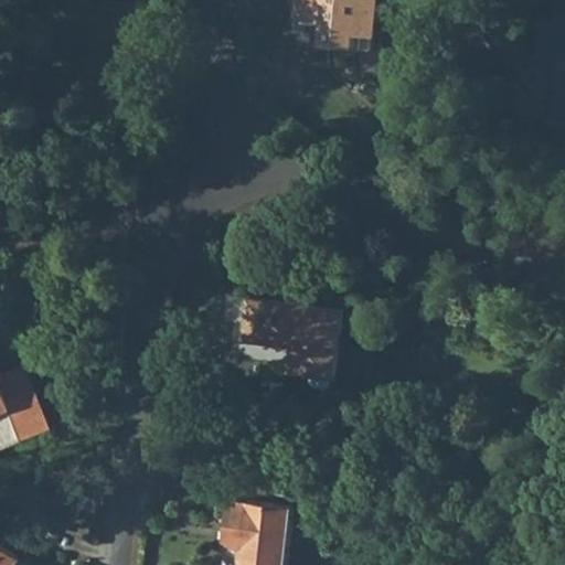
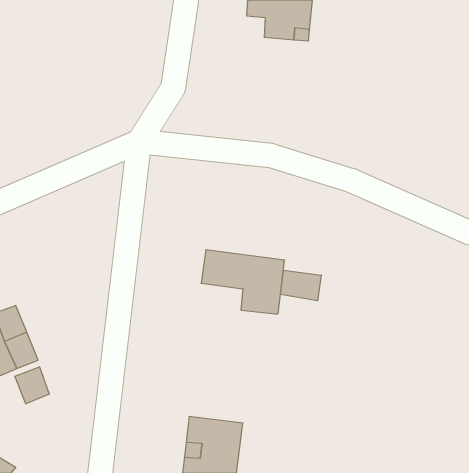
building: none -> [280,270,321,301]
building: none -> [15,367,49,404]

